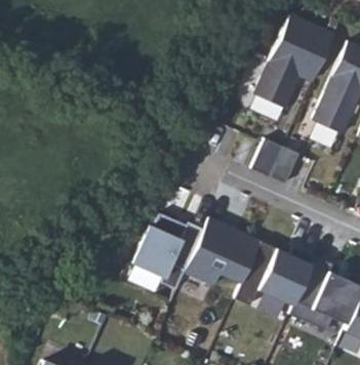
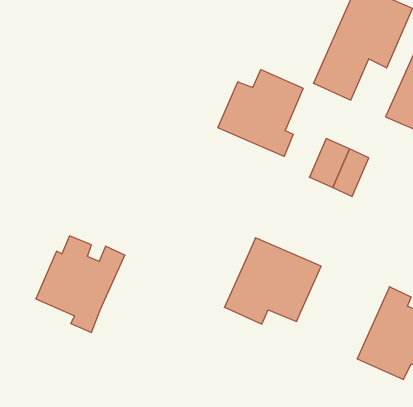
building: none -> [218,70,303,156]
building: [132,213,203,290] -> [36,236,125,332]
building: [250,246,315,321] -> none

